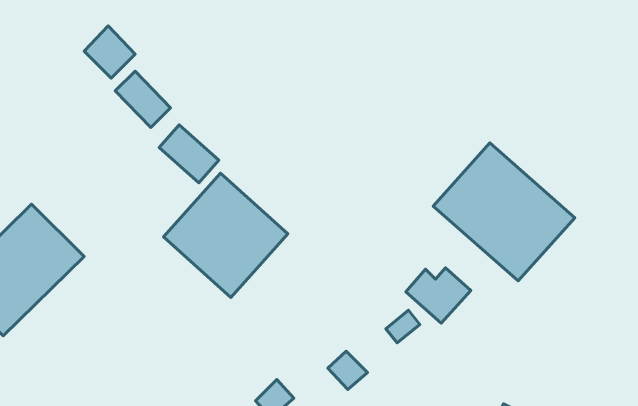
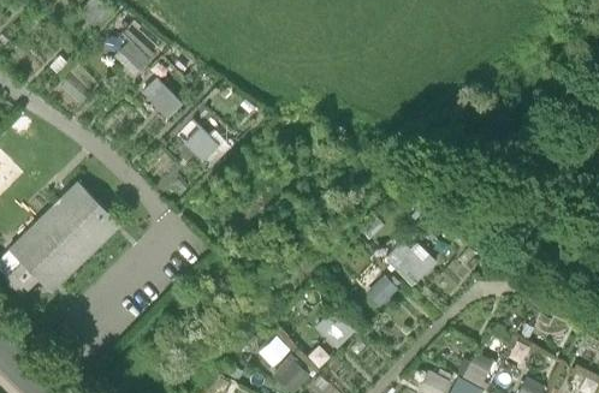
building: [433,143,575,281] -> none
building: [164,173,288,298] -> none

